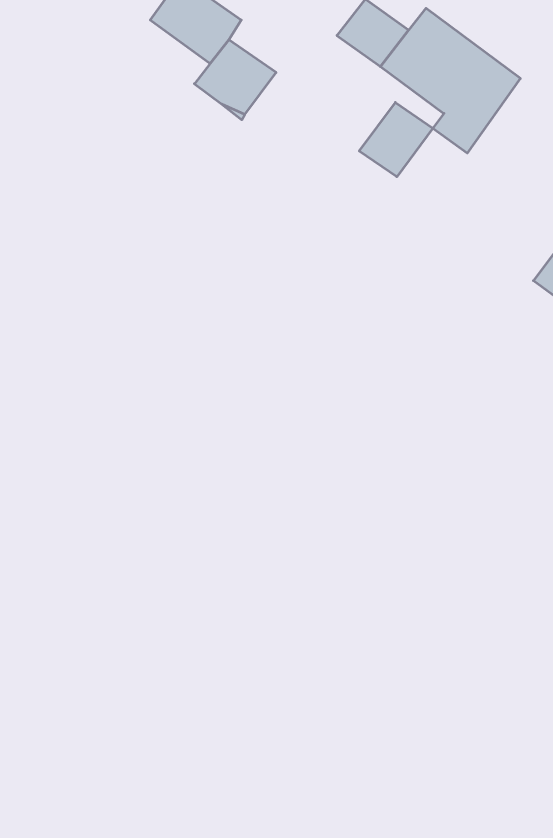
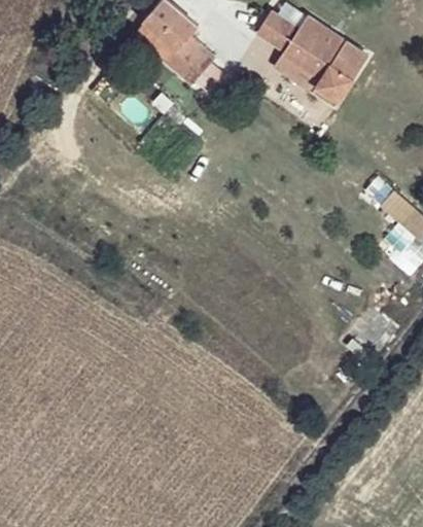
building: [359,102,433,177] -> none

